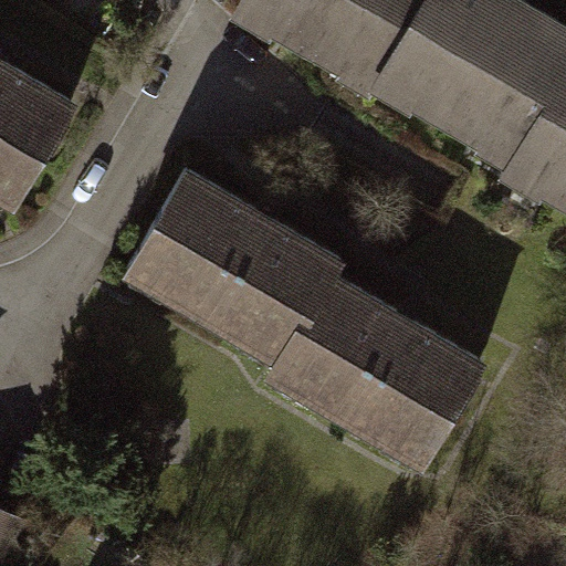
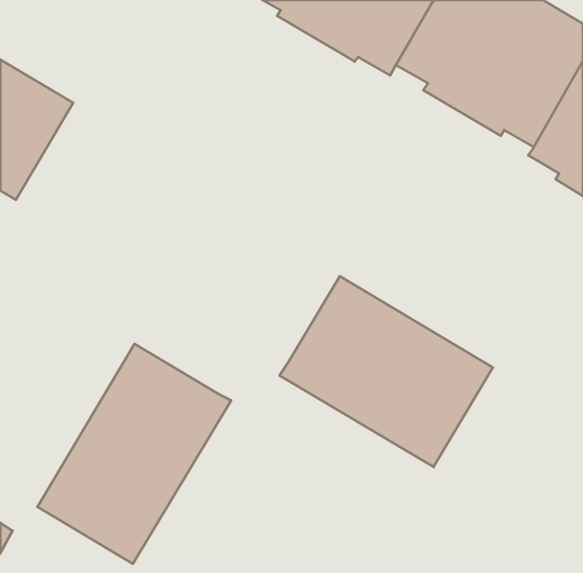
building: [126,174,336,360] -> none
building: none -> [37,344,231,564]

